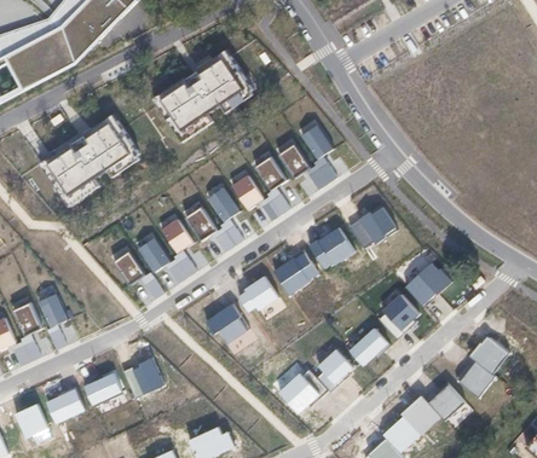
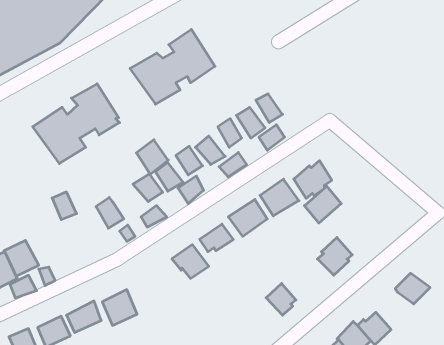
building: [134,236,172,277] -> [136,140,168,175]
building: [403,260,446,303] -> [304,186,341,223]
building: [39,292,68,325] -> [52,192,77,220]
building: [348,327,388,365] -> none
building: [454,358,493,396] -> none
building: [277,372,318,412] -> none

